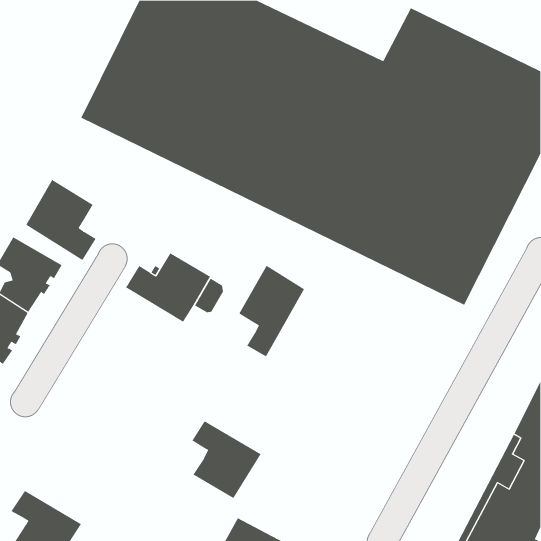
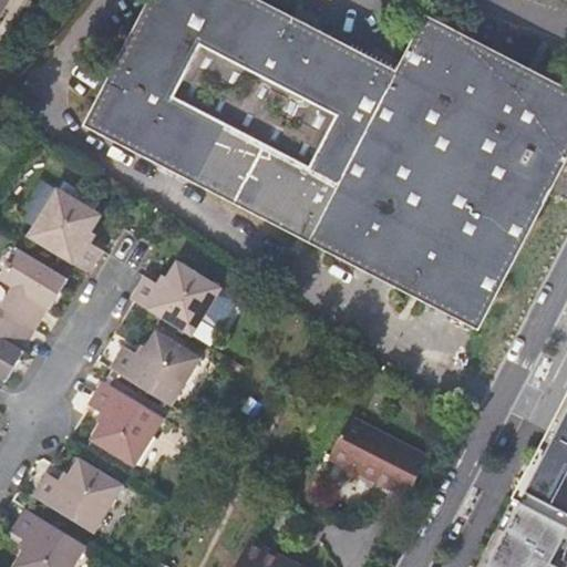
building: [238,265,305,357] -> none
building: none -> [110,334,198,410]
building: none -> [329,419,426,498]
building: [191,420,261,499] -> [89,386,162,468]
building: none -> [33,462,122,535]

